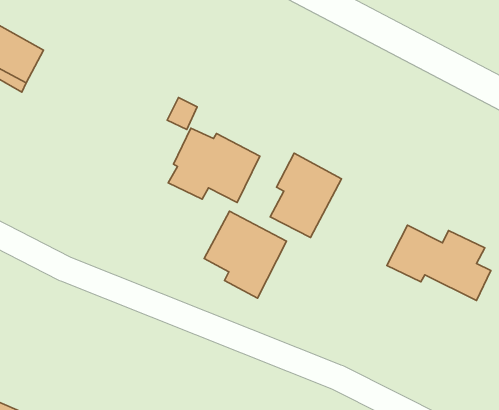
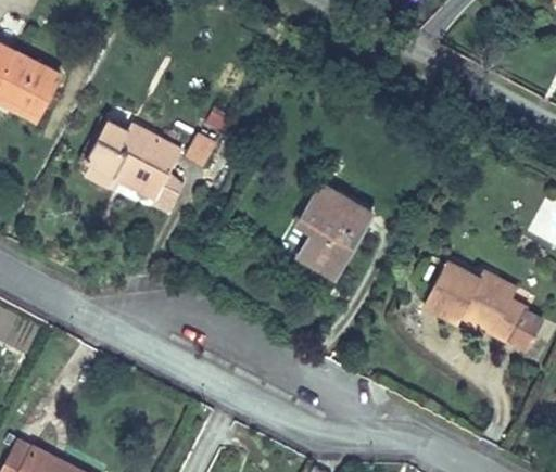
building: [168,128,260,202] -> [89,116,186,194]
building: [204,211,287,298] -> none

